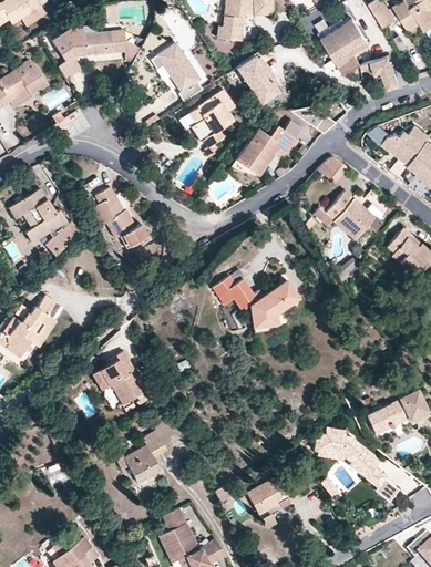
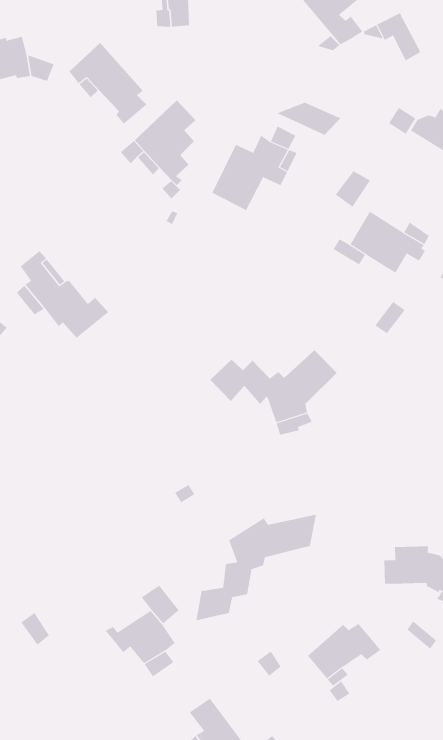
building: [234,53,279,105] -> none
building: [94,353,147,406] -> none
building: none -> [196,514,316,621]

